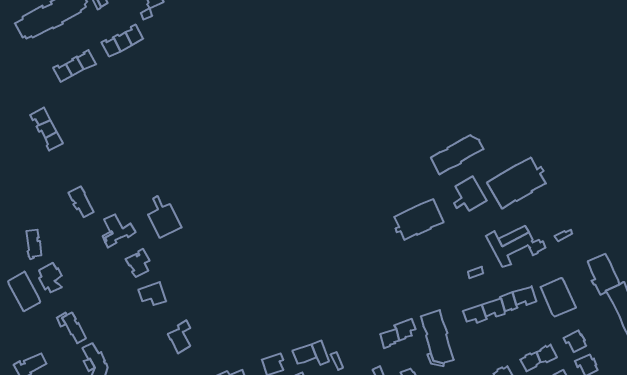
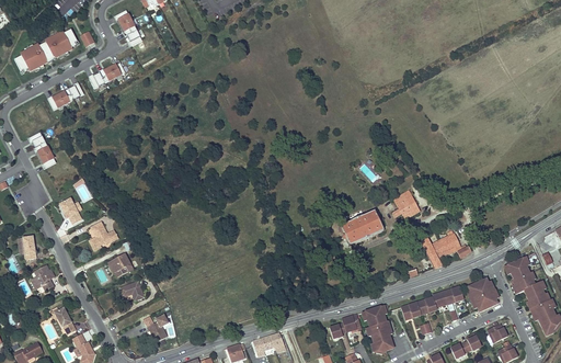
building: [431,135,484,175] -> none
building: [487,157,546,209] -> none
building: [148,196,182,238] -> none
building: [8,271,40,311] -> none

